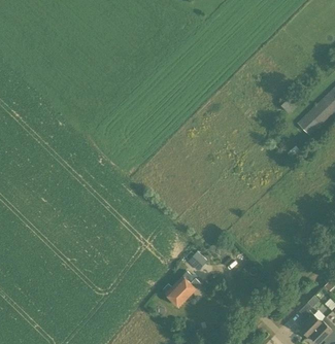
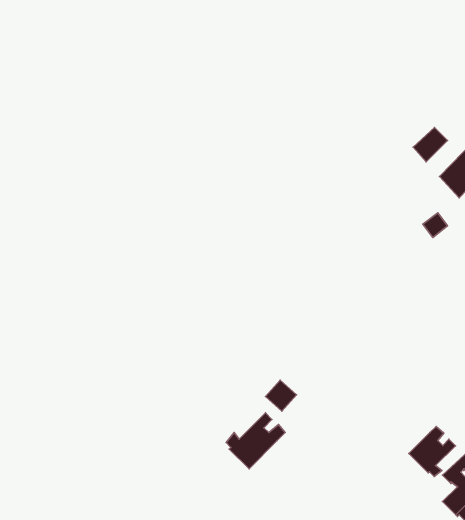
building: none -> [409,426,455,477]

